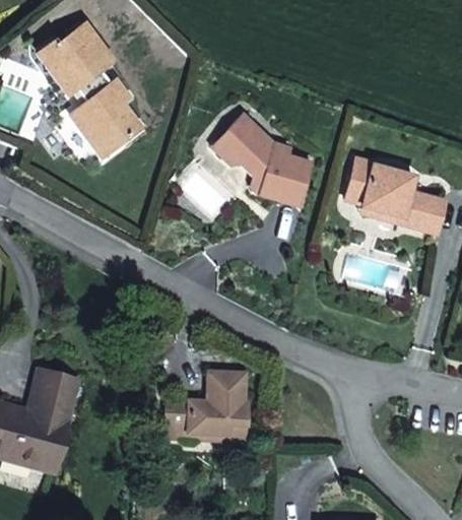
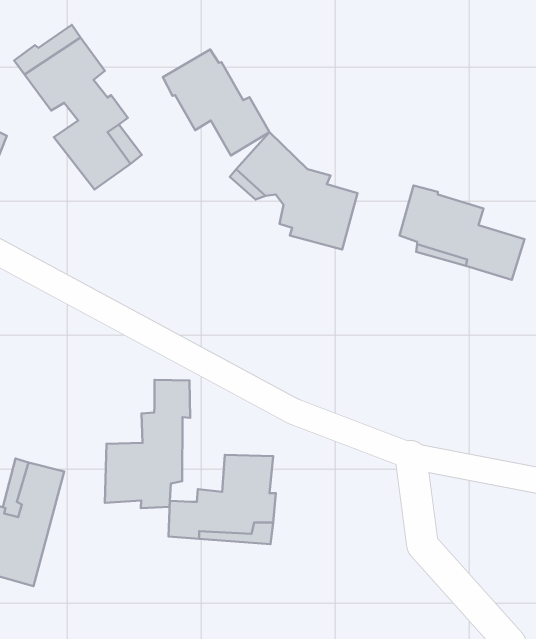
building: none -> [163,50,269,156]
building: none -> [105,380,190,508]

